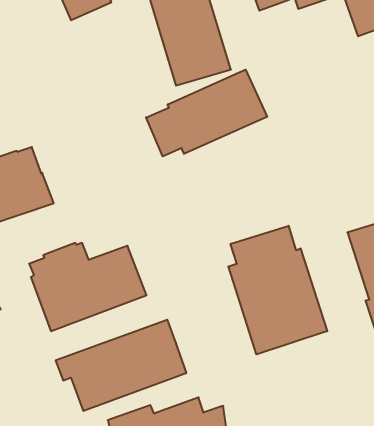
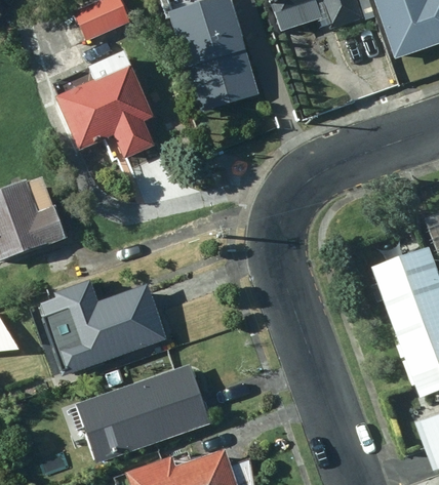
building: none -> [52,50,154,158]
building: [146,70,267,156] -> none
building: [228,226,327,354] -> none

